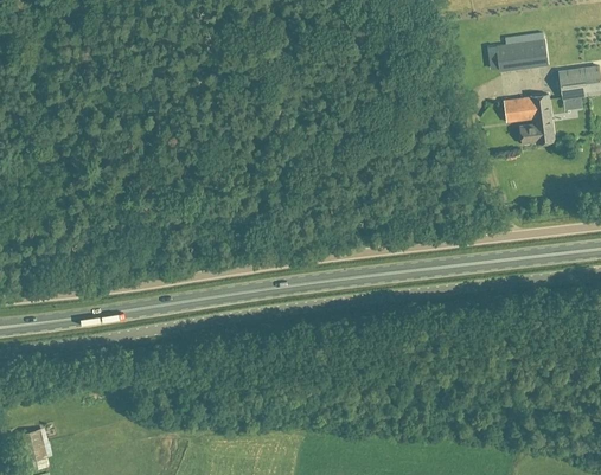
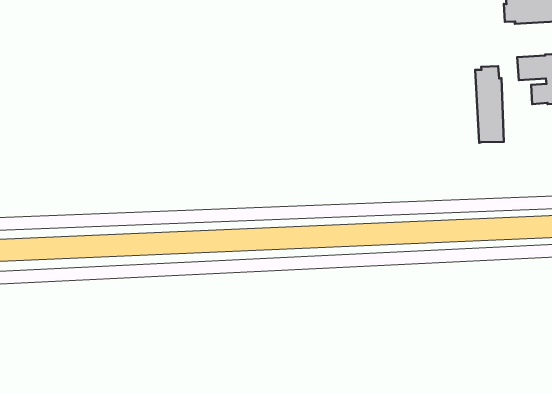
building: none -> [475,66,504,143]

